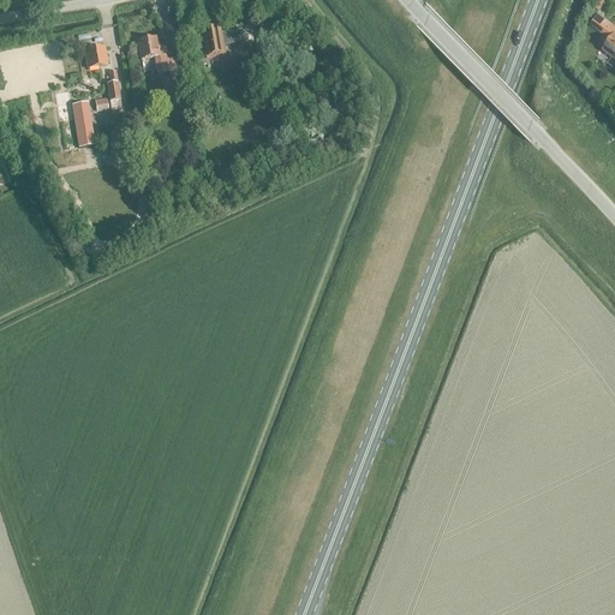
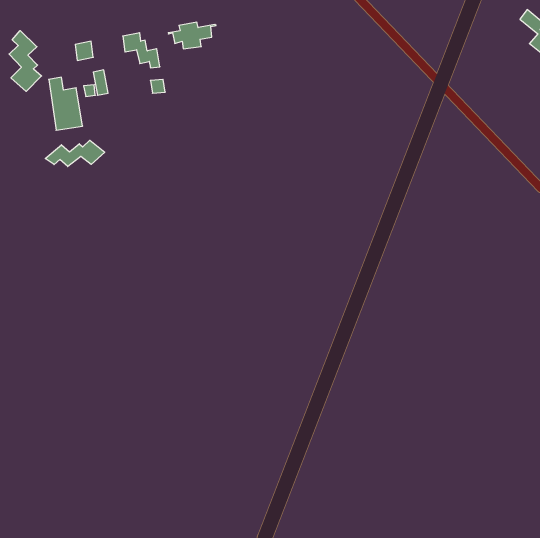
building: none -> [9,31,42,91]
building: none -> [45,140,105,167]

